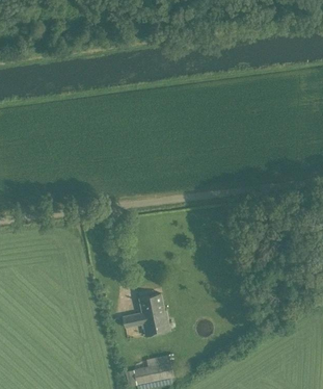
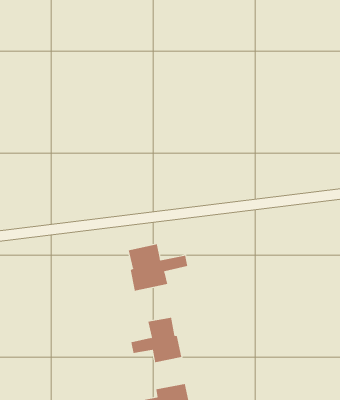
building: none -> [128,243,188,292]

